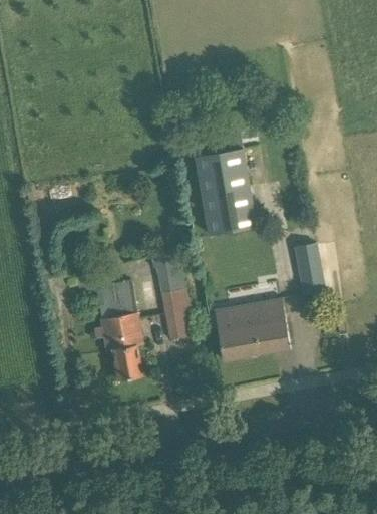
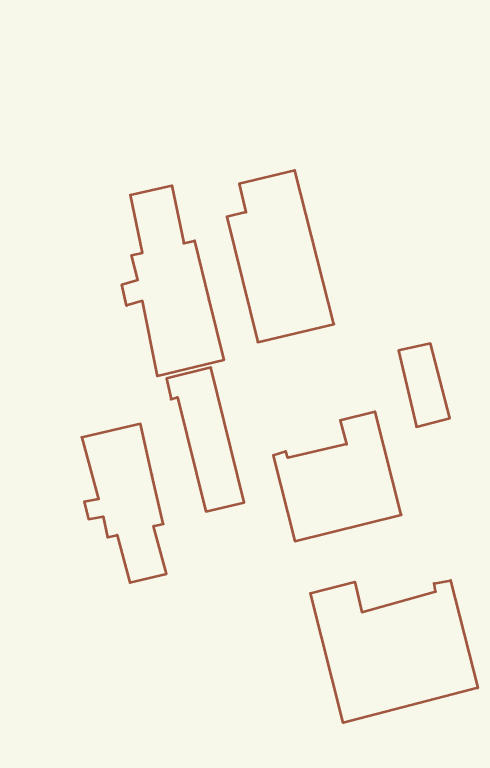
building: none -> [122,186,224,376]
building: none -> [310,580,478,723]

